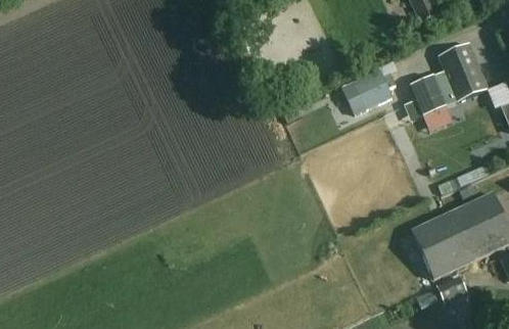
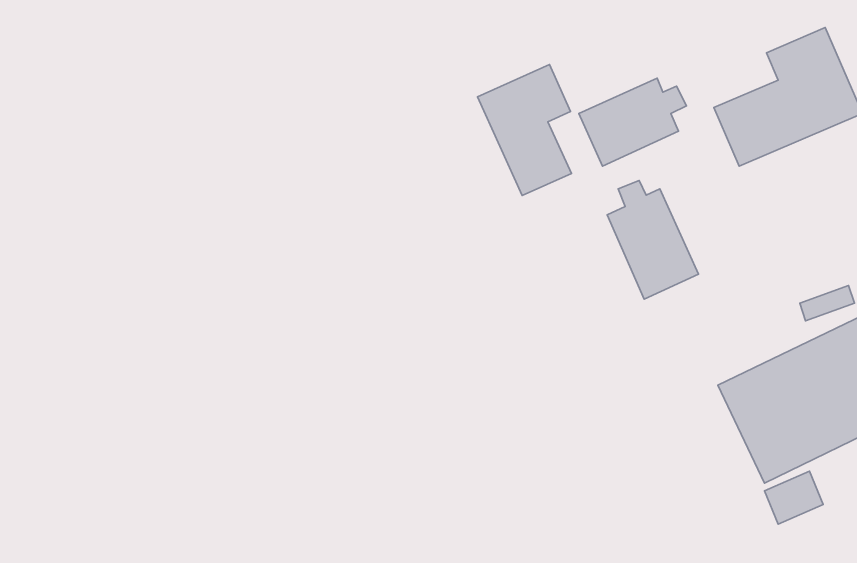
building: none -> [478,64,571,195]
building: none -> [607,181,698,299]

